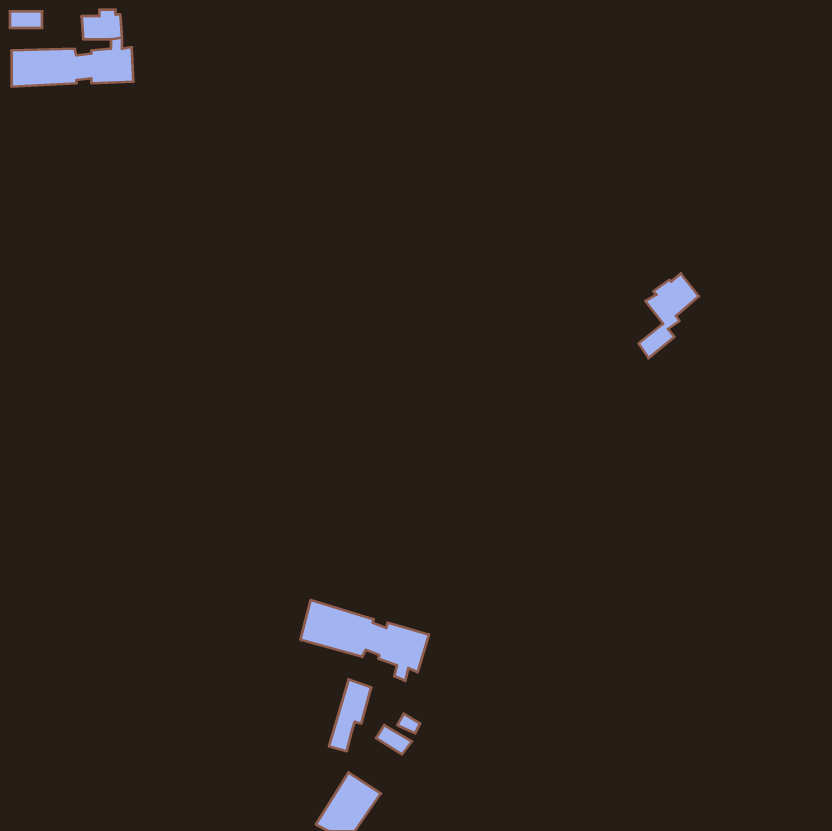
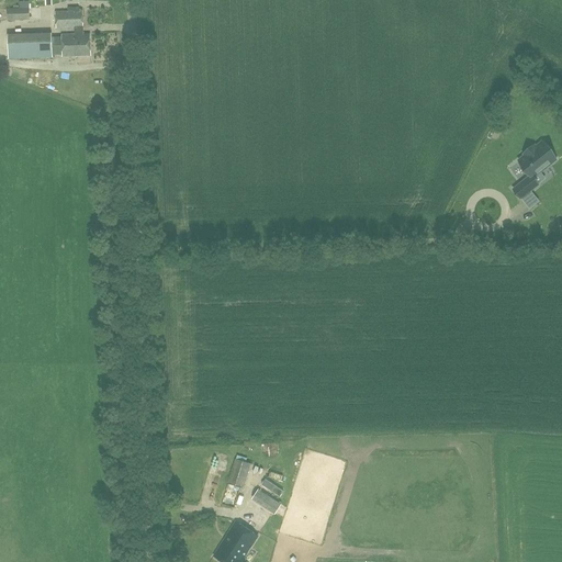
building: [639,273,699,358] -> [514,140,554,198]
building: [301,600,429,681] -> none

